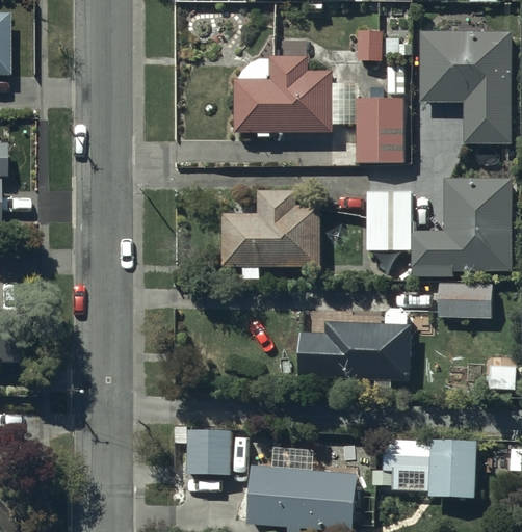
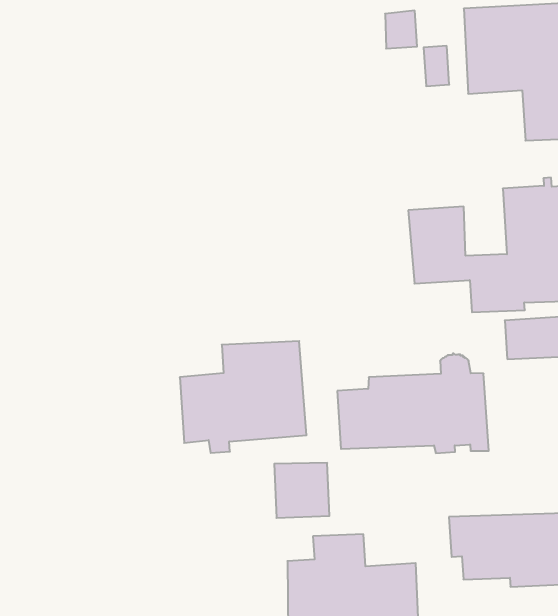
building: [234,56,333,136] -> none
building: [338,79,412,164] -> none
building: [221,190,320,276] -> [180,341,307,453]
building: [186,430,230,475] -> [274,463,329,518]

